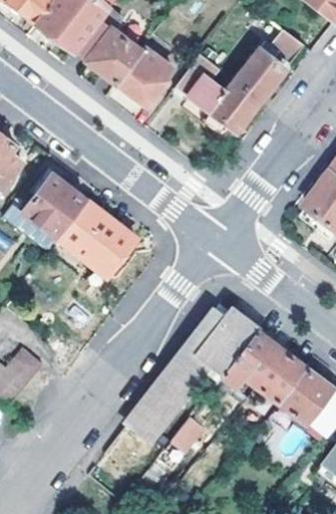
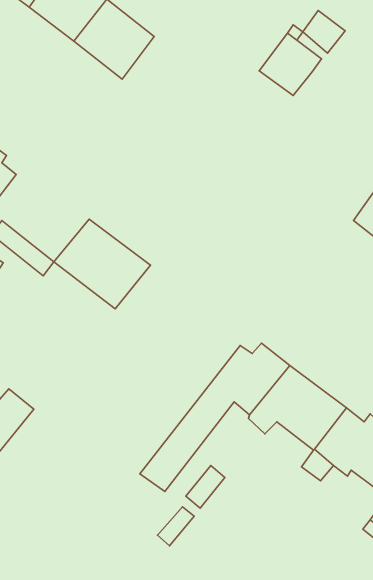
building: [115,42,175,104] -> none
building: [175,53,261,130] -> none
building: [23,175,87,239] -> none

